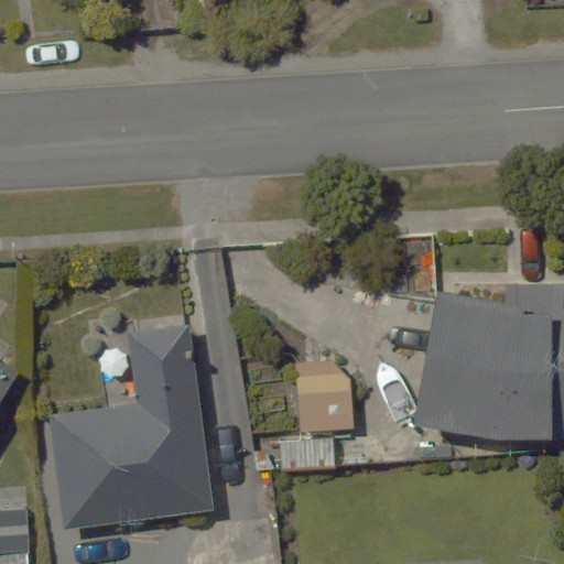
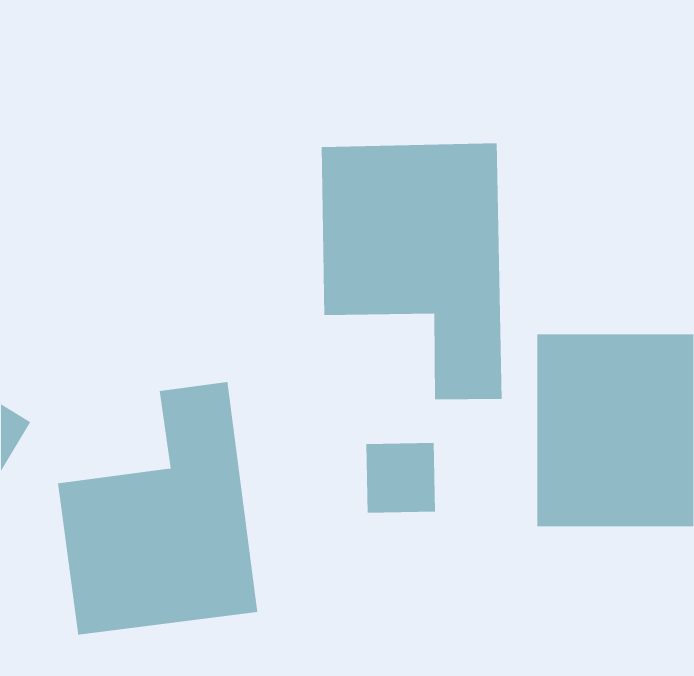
building: none -> [321,143,502,400]

